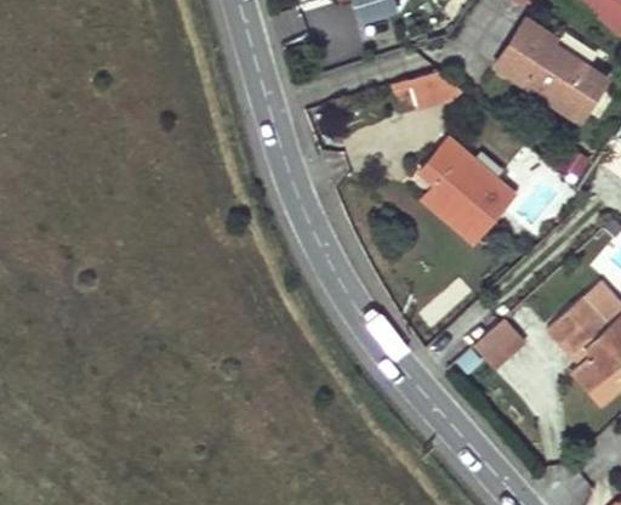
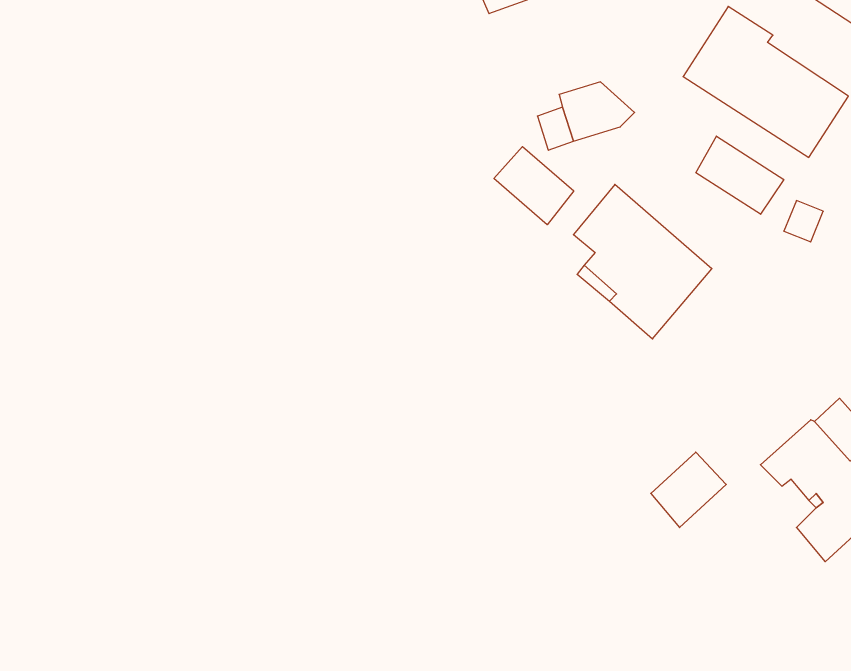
building: none -> [696,136,784,214]
building: none -> [494,147,574,225]

